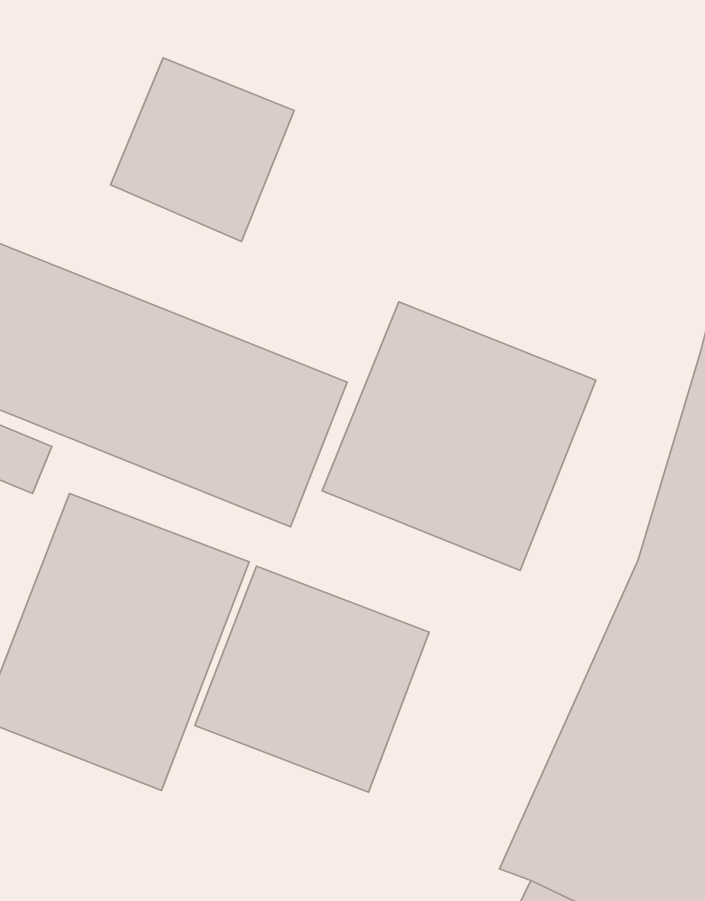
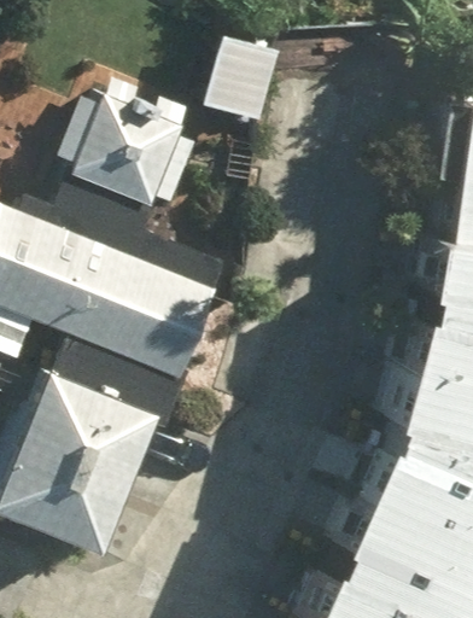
building: [322,302,596,570] -> none
building: [195,566,429,792] -> none

